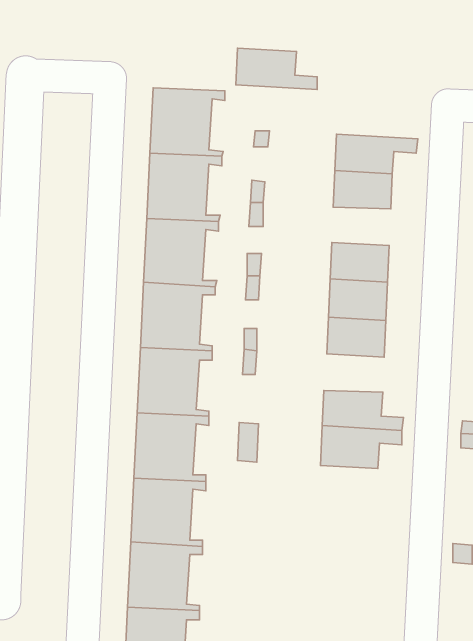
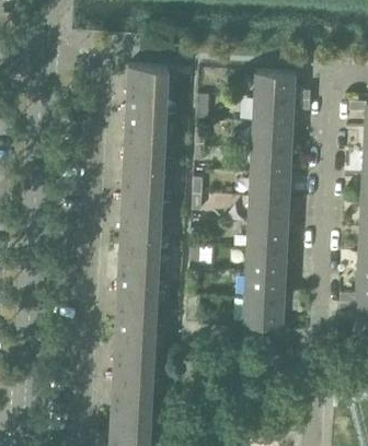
building: [236,48,317,90] -> [254,72,310,101]
building: none -> [251,148,291,174]
building: none -> [245,248,287,274]

